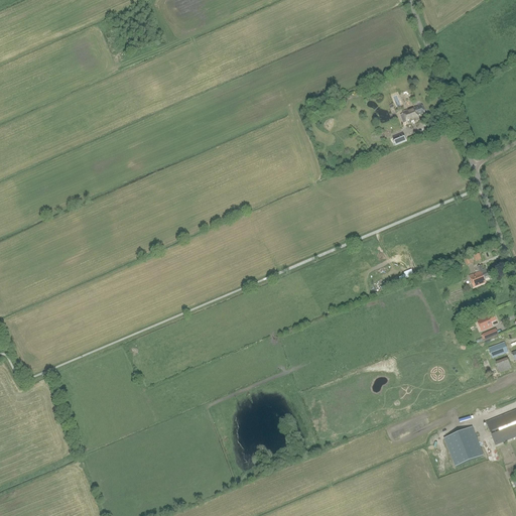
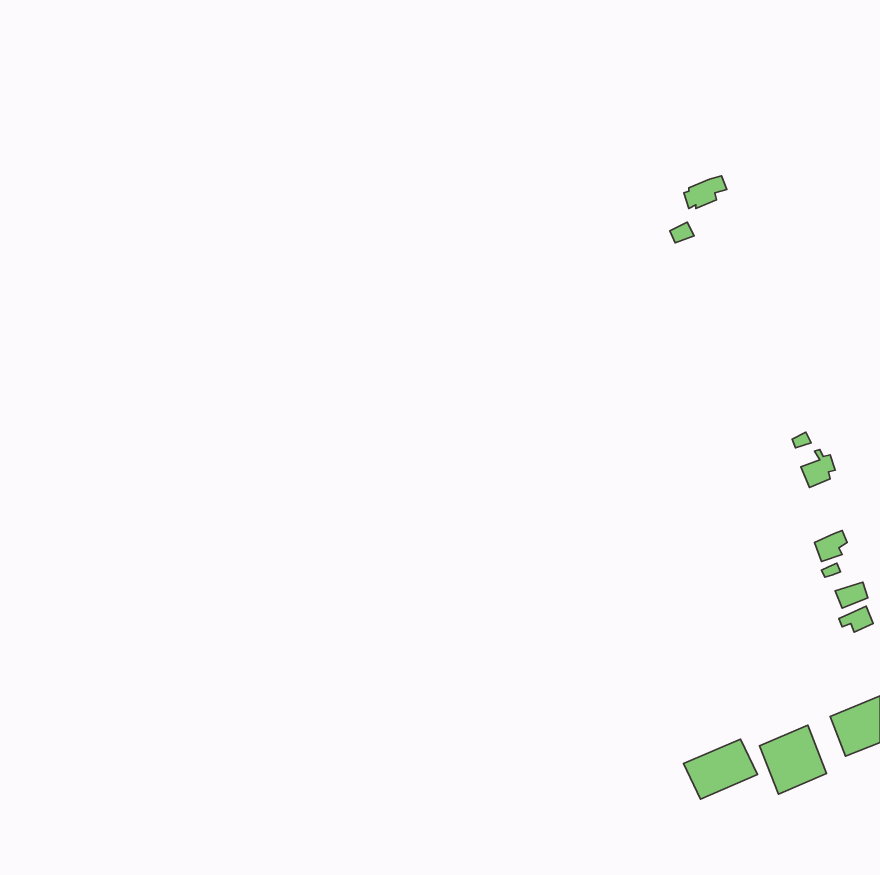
building: none -> [683,739,758,799]

